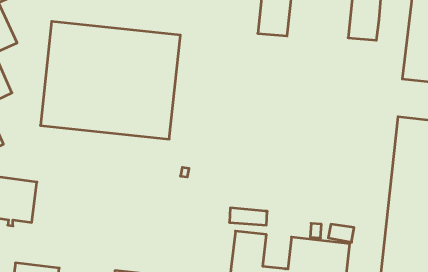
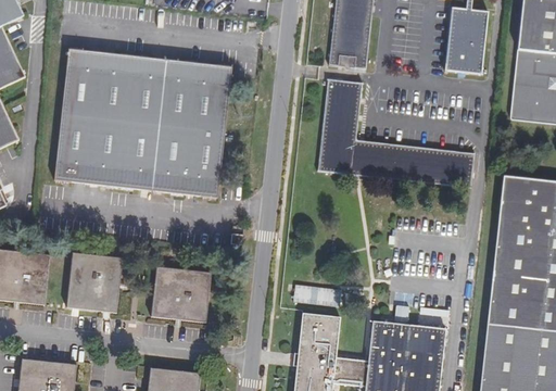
building: none -> [318,81,475,189]
building: none -> [67,250,129,312]
building: none -> [152,264,214,326]

